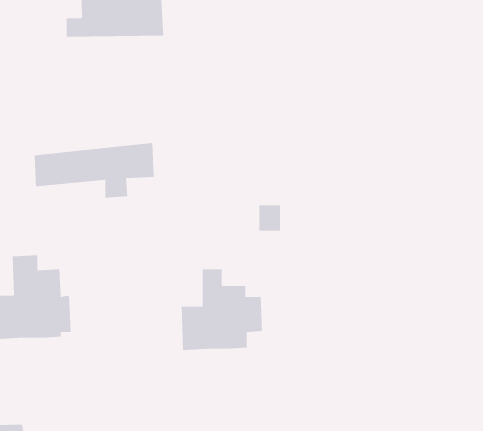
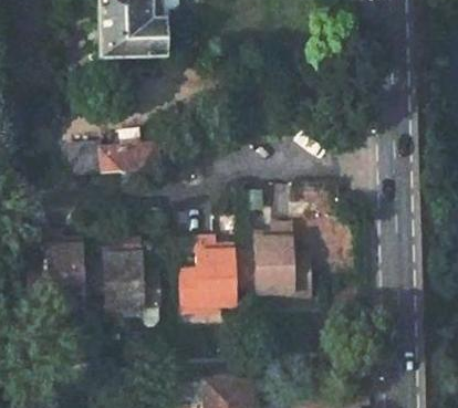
building: none -> [246,229,309,295]
building: none -> [93,240,163,324]

